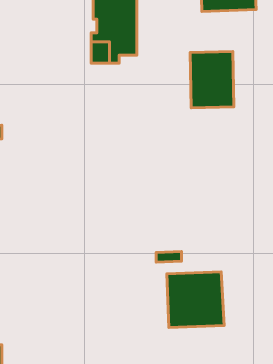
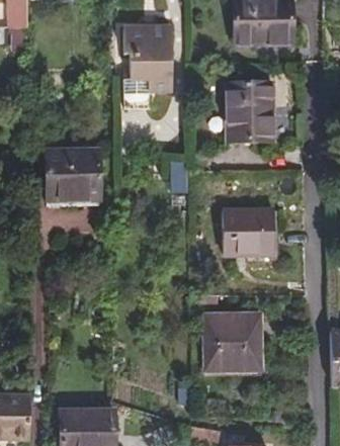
building: none -> [48,150,100,201]
building: none -> [223,209,276,256]

